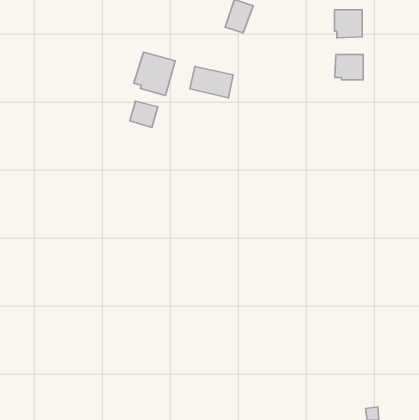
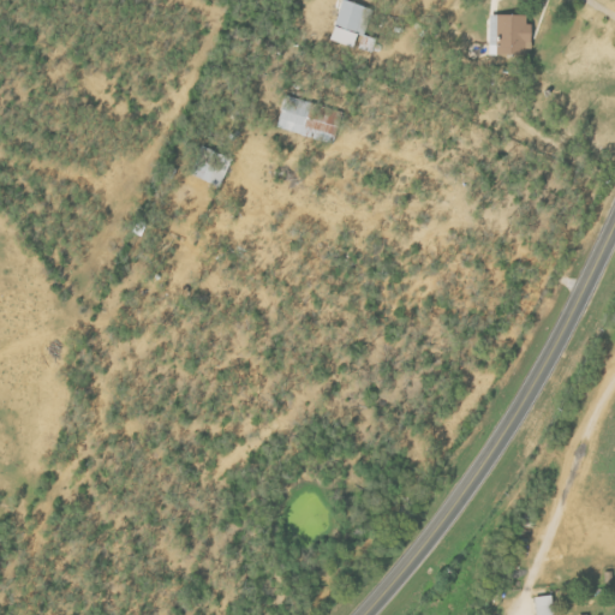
building: [134,52,175,96] -> none
building: [335,55,363,80] -> none

